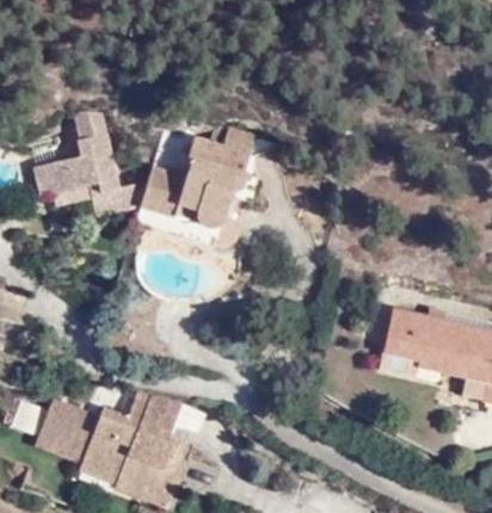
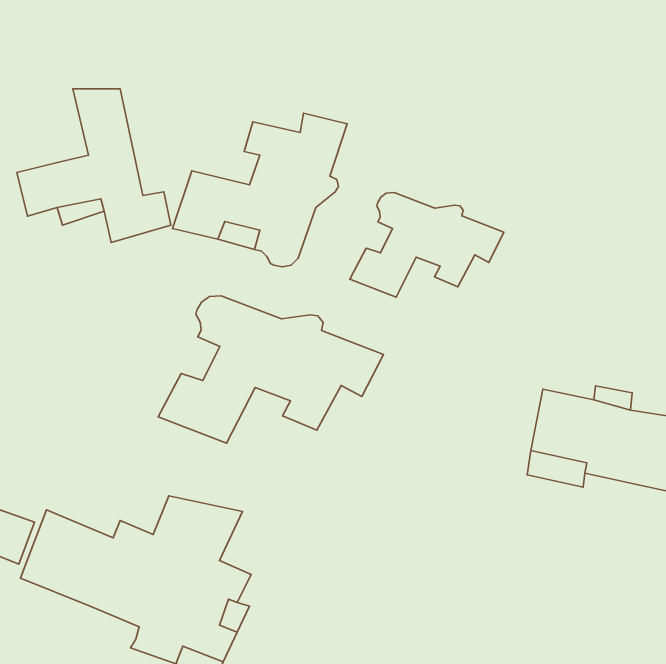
building: none -> [350,193,504,297]
building: none -> [158,296,383,443]

